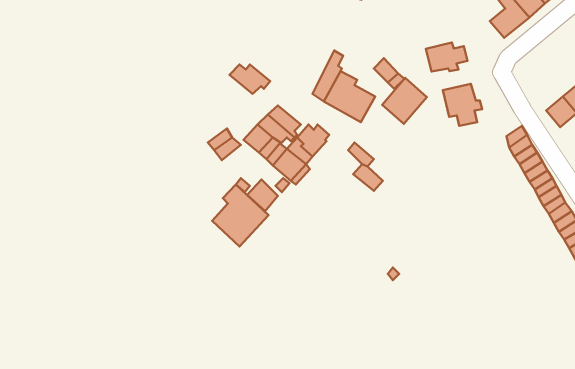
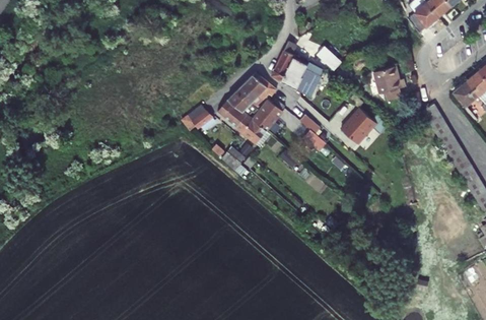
building: [426,43,468,71] -> none
building: [229,65,270,94] -> [240,77,273,101]
building: [382,78,427,124] -> [338,109,373,145]
building: [212,185,268,246] -> none

